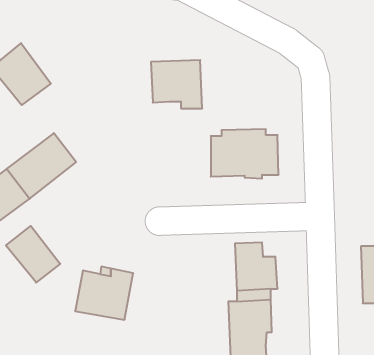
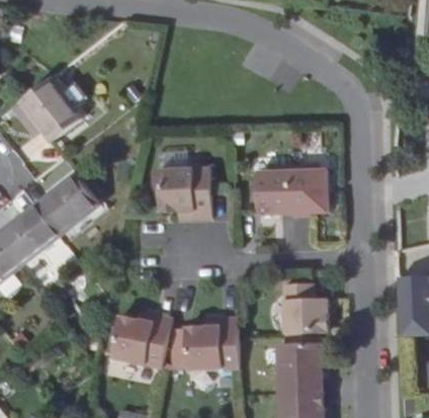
building: [151,60,202,108] -> [154,159,207,210]
building: [6,226,60,283] -> none
building: none -> [180,320,233,370]

